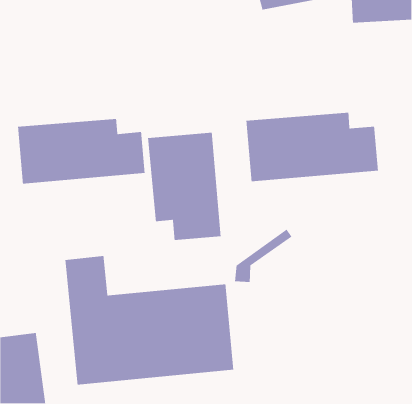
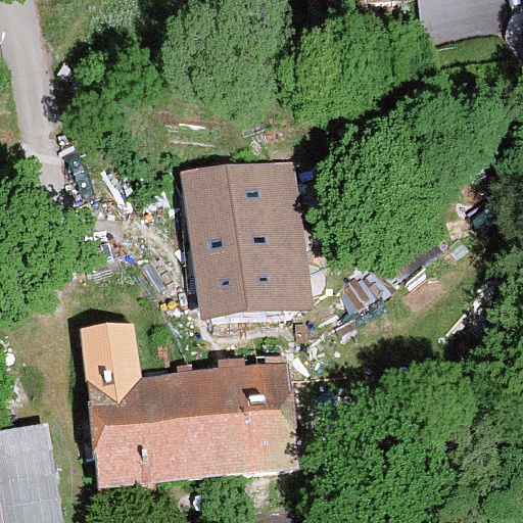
building: [245,112,379,182] -> none
building: [17,118,146,184] -> none

